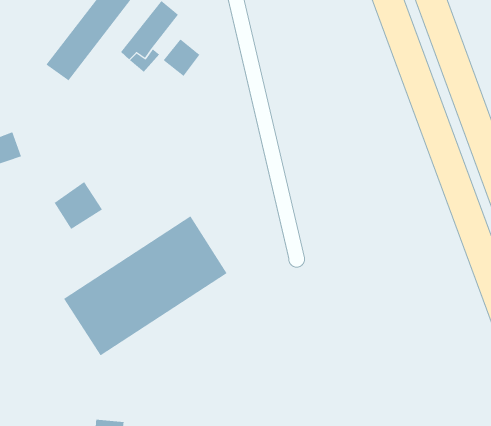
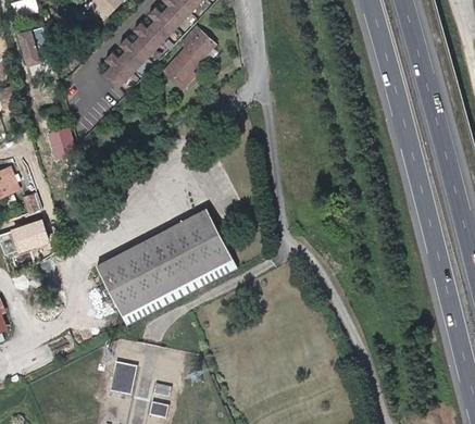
building: [163,38,200,77] -> none
building: [54,181,103,230] -> none

